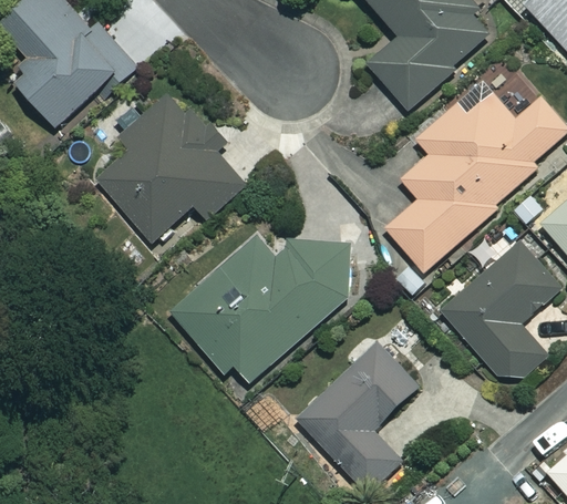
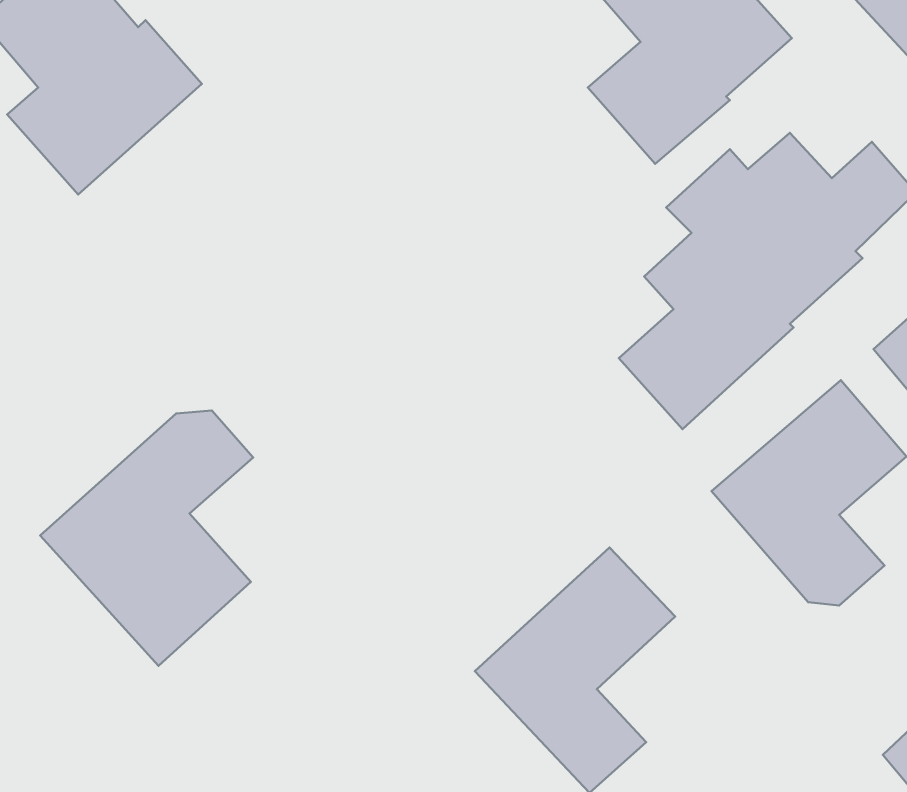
building: [95,91,245,241] -> none
building: [171,233,363,382] -> none
building: none -> [40,411,253,666]

